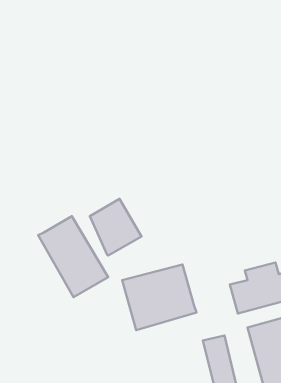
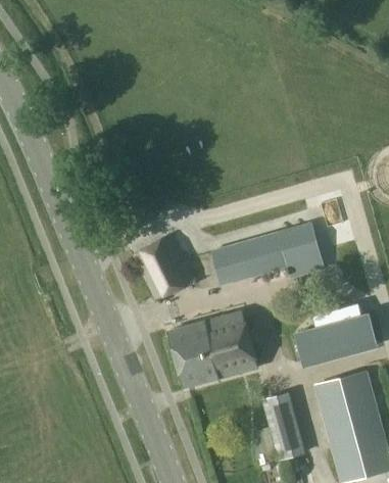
building: none -> [211,223,319,284]
building: [38,216,108,297] -> none

